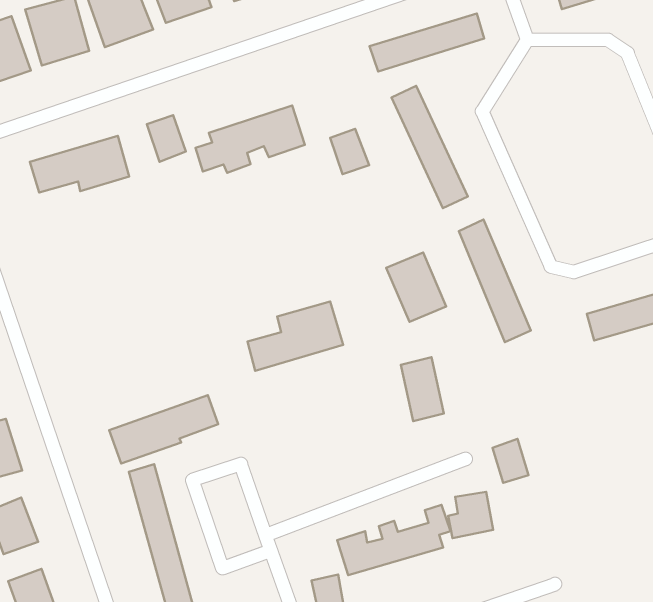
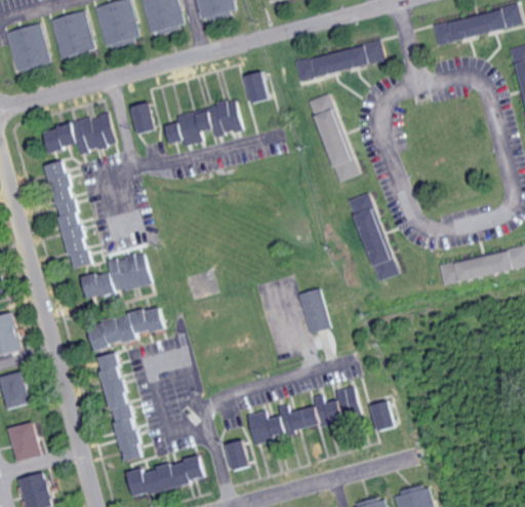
building: [330,129,369,174] -> [243,71,270,103]
building: none -> [48,160,88,268]
building: [386,252,446,322] -> none
building: [248,302,343,371] -> [83,252,152,299]
building: [492,439,528,483] -> [371,400,396,431]

